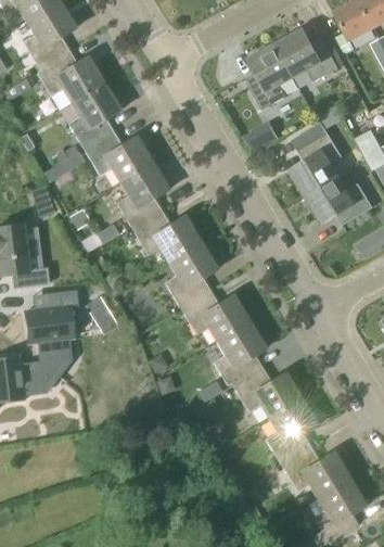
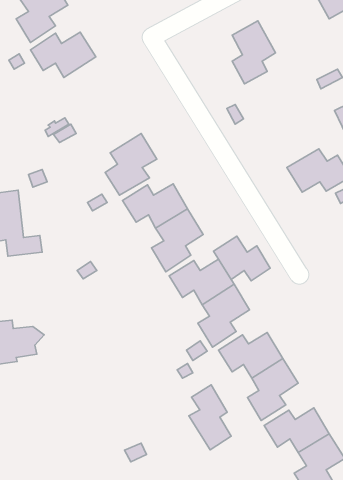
building: [277,27,338,80] -> none
building: [67,80,123,147] -> none
building: [291,120,343,196] -> none
building: [86,133,154,181] -> none
building: none -> [214,236,270,281]
building: [25,296,77,372] -> none
building: none -> [189,385,231,450]

